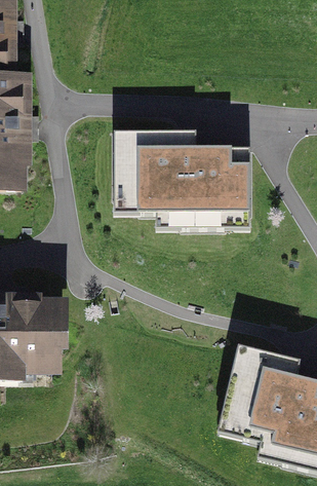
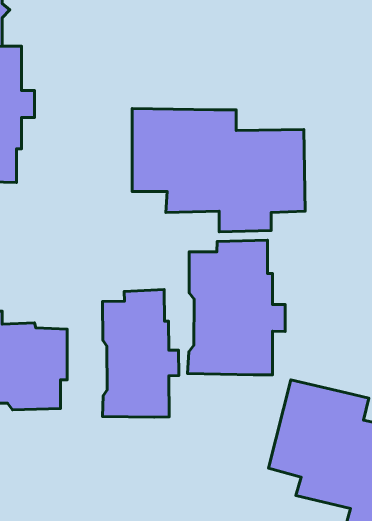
building: none -> [188,240,285,375]
building: none -> [102,290,179,417]

